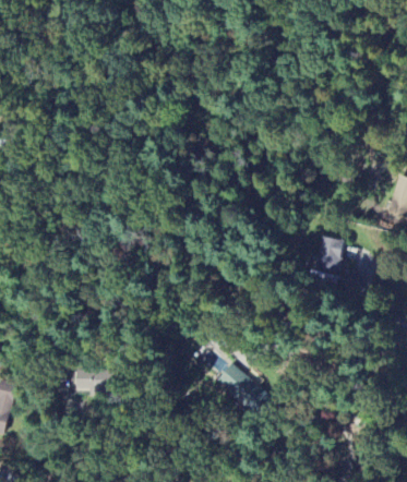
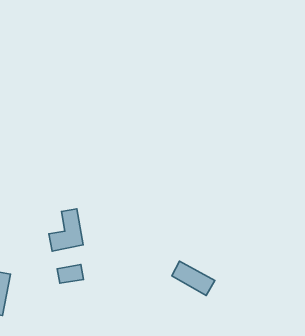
building: [316,236,344,270] -> none
building: none -> [49,209,83,251]

